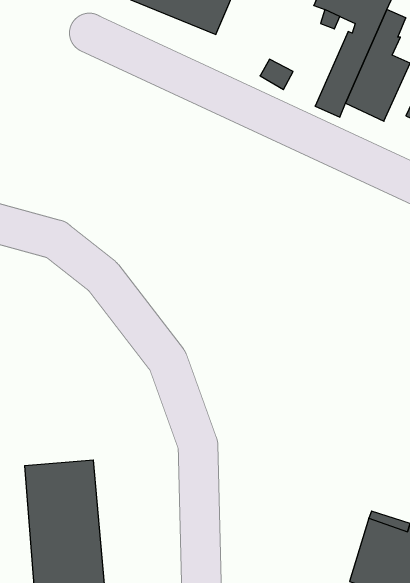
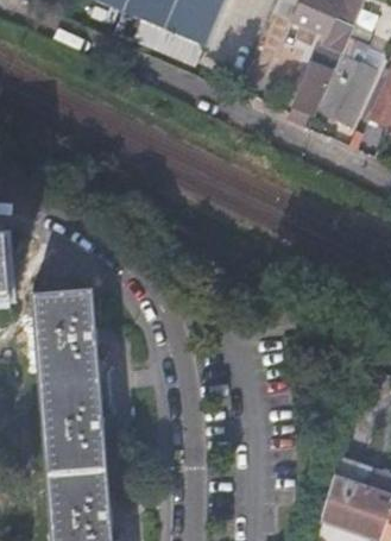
building: none -> [32,290,101,416]

